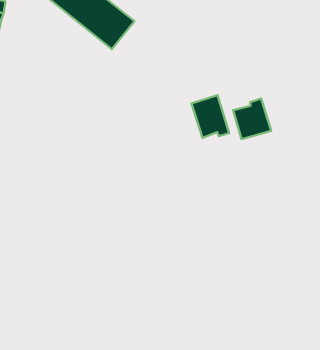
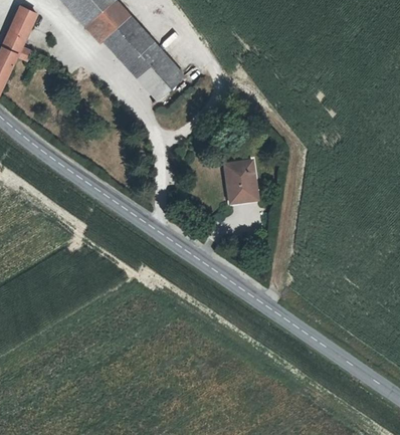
building: [233,98,271,139] -> none

